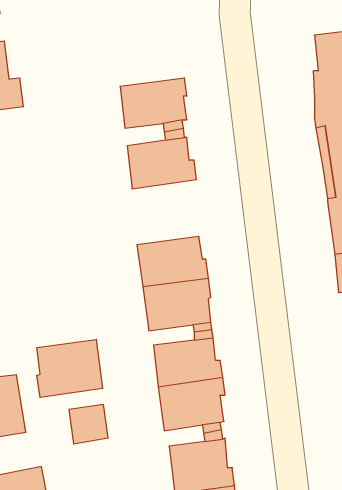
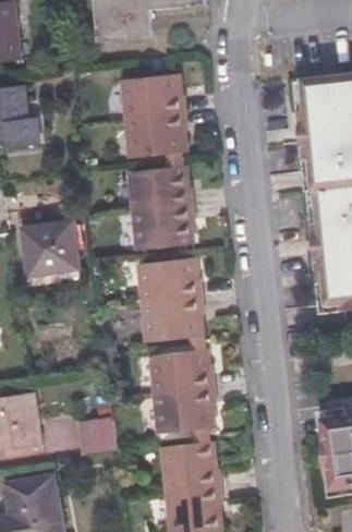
building: none -> [117,75,181,122]
building: none -> [133,207,194,254]
building: none -> [17,216,75,274]
building: [37,339,103,398] -> none

